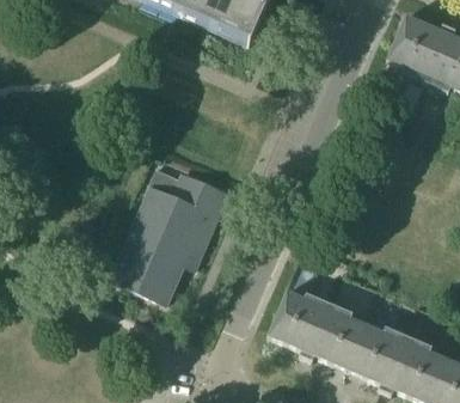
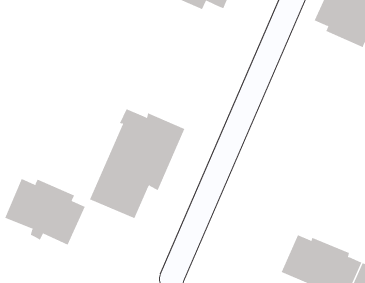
building: none -> [5,178,86,245]
building: [269,288,369,368] -> none

